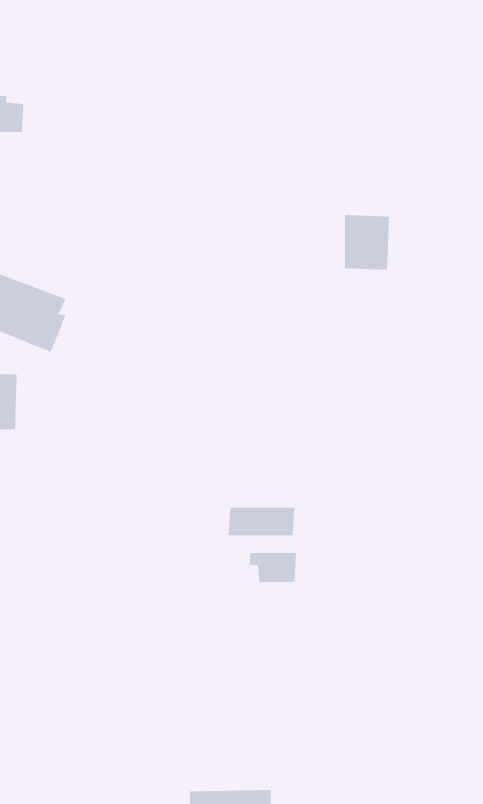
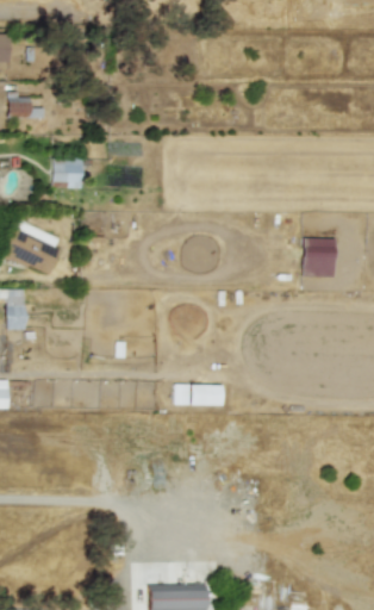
building: none -> [52,158,83,189]
building: [344,215,390,270] -> [304,238,336,278]
building: [249,552,296,583] -> none

